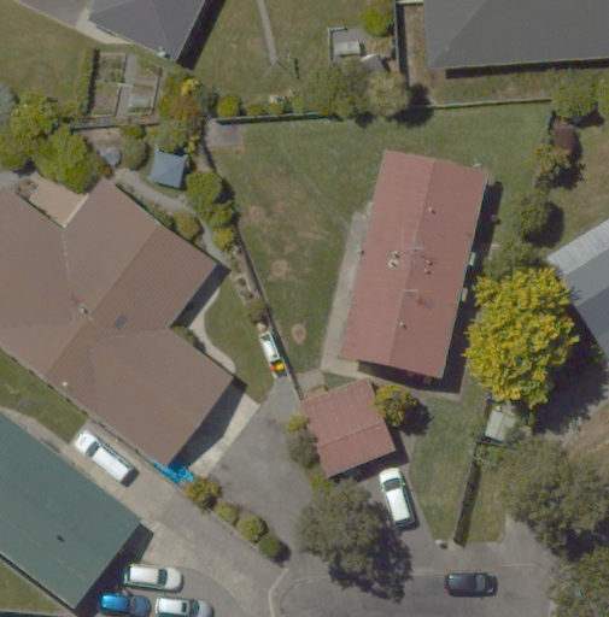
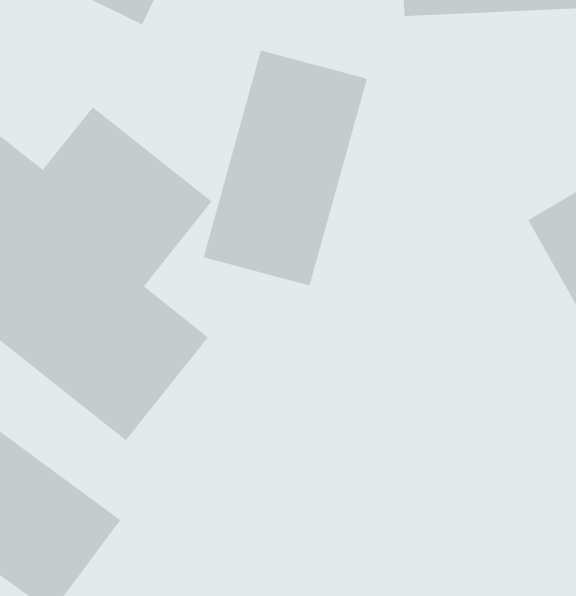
building: [333,151,492,378] -> [203,50,368,286]
building: [300,374,403,481] -> none

